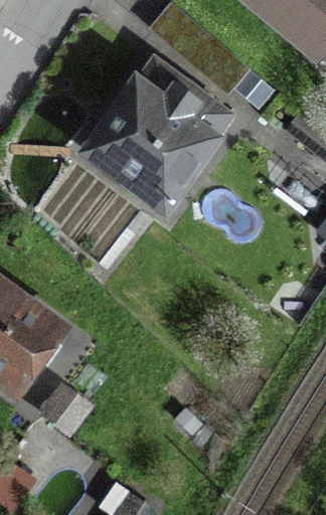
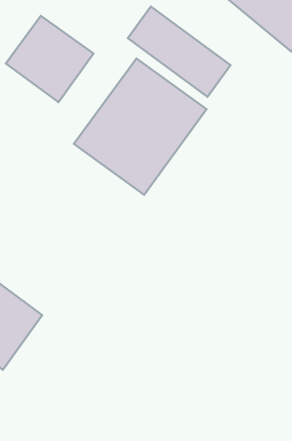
building: none -> [6,16,93,102]

